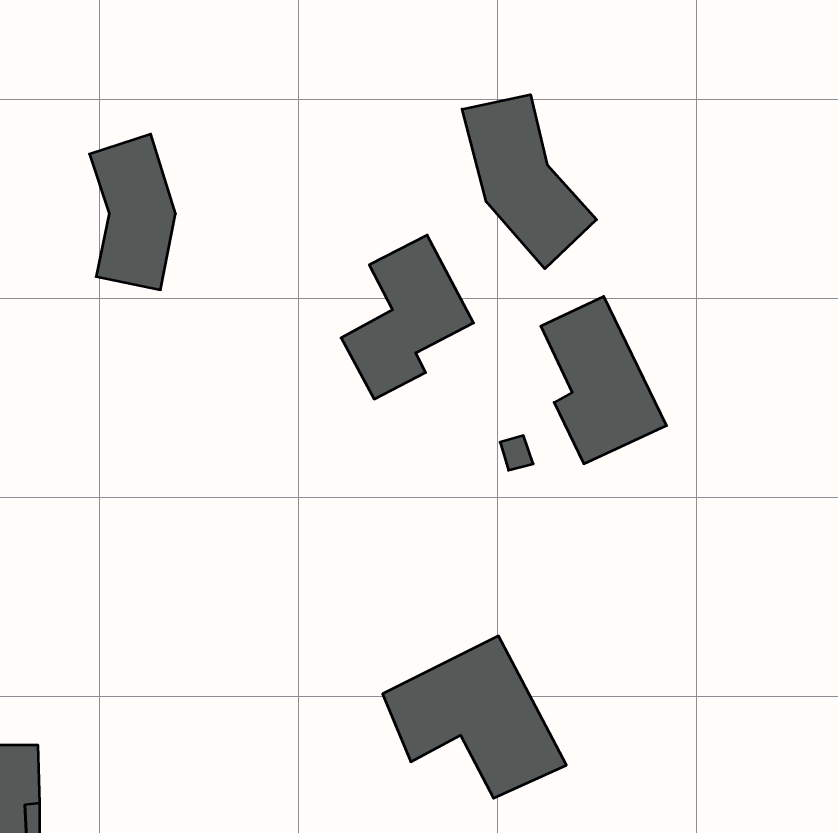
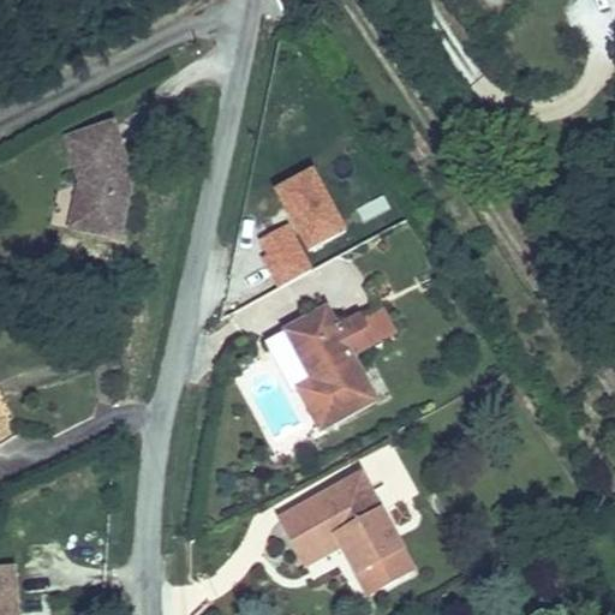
building: [462,95,597,269] -> none
building: [541,296,667,464] -> [287,305,378,426]

